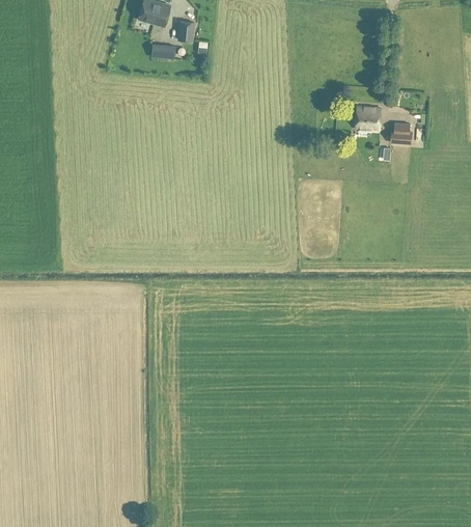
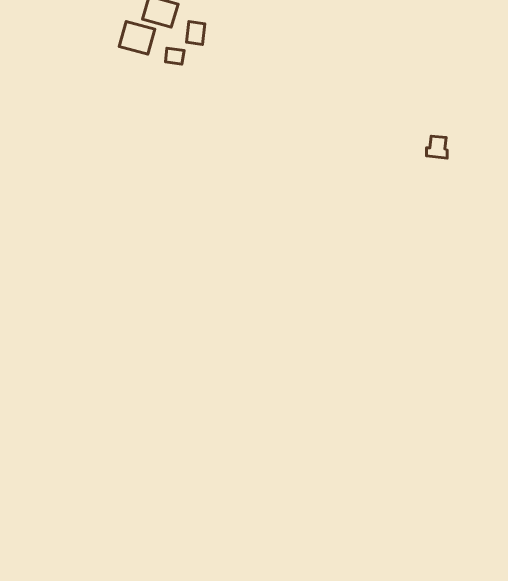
building: none -> [119,21,155,54]
building: [355,106,381,130] -> none

